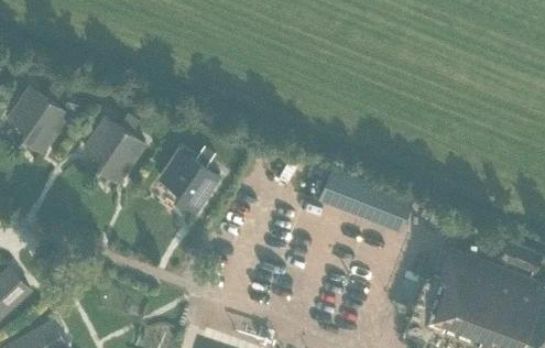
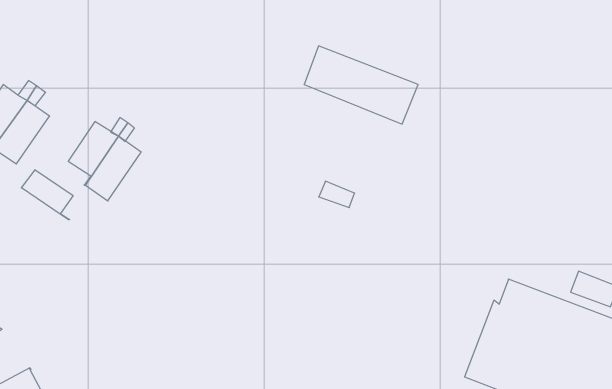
building: [160,149,219,214] -> none
building: none -> [21,170,73,220]
building: [318,168,413,233] -> [304,46,418,124]

